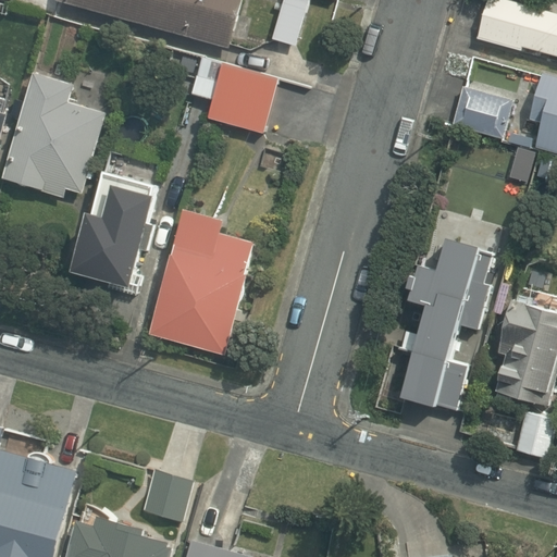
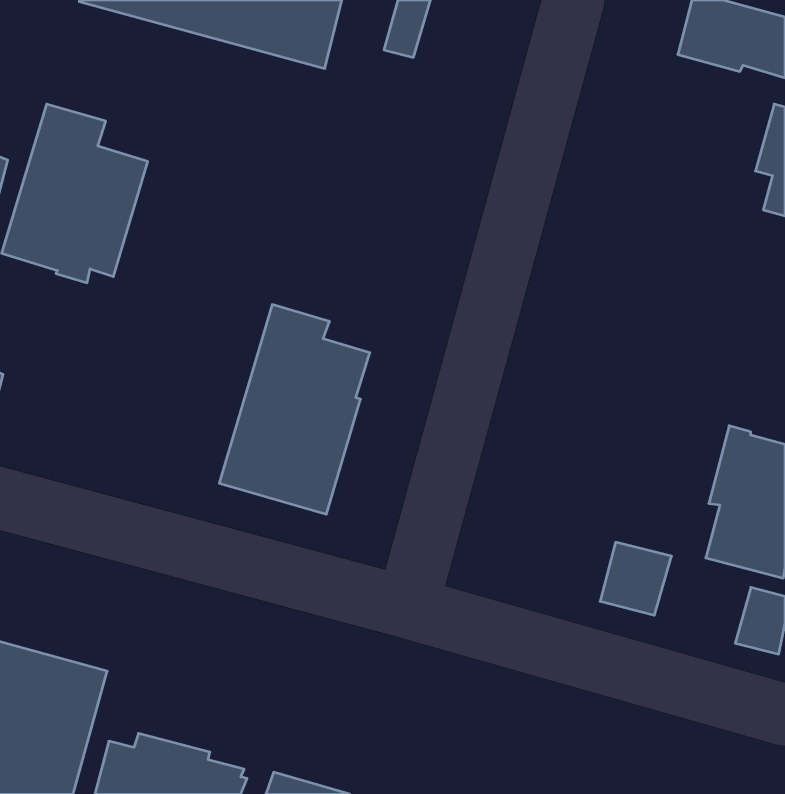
building: [203,61,272,128] -> none
building: [449,84,511,140] -> none
building: [71,183,153,285] -> none
building: [405,255,494,359] -> none
building: [141,469,191,521] -> none

